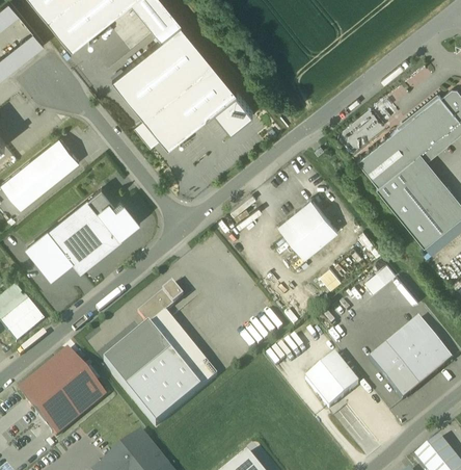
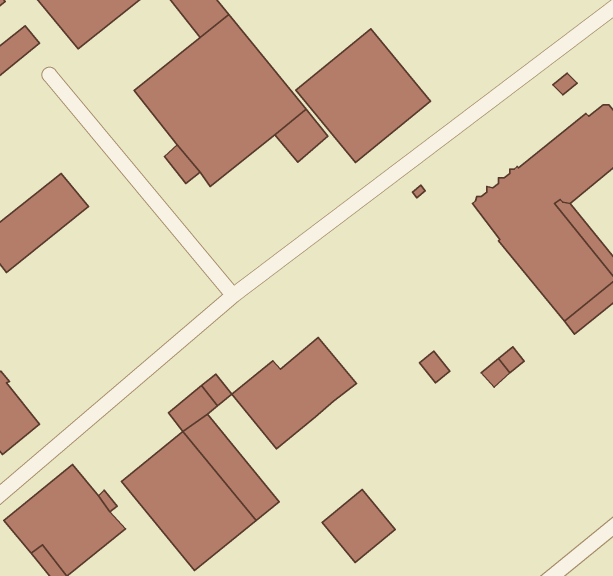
building: none -> [296,29,430,162]
building: [28,187,140,278] -> none
building: [278,198,337,257] -> none
building: none -> [232,338,357,449]
building: [370,319,453,400] -> none
building: [306,355,359,408] -> [322,489,395,563]

